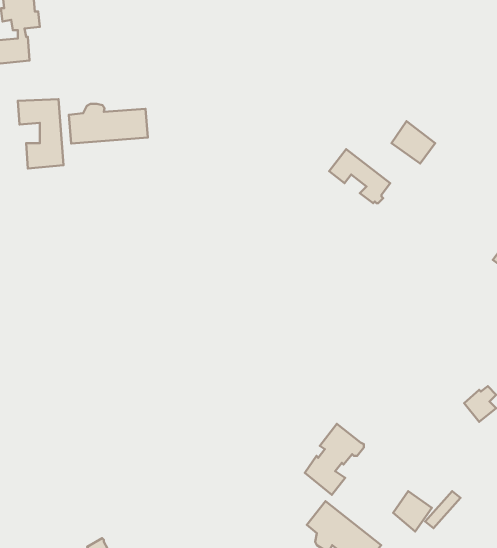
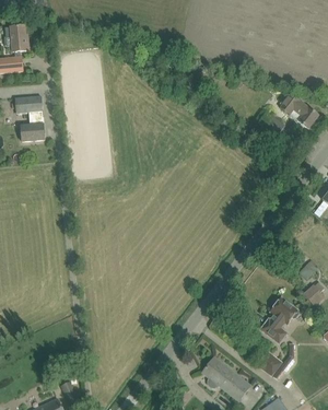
building: [69,104,148,143] -> none
building: [329,149,390,203] -> [279,93,318,128]
building: [305,424,364,495] -> [260,297,298,343]

